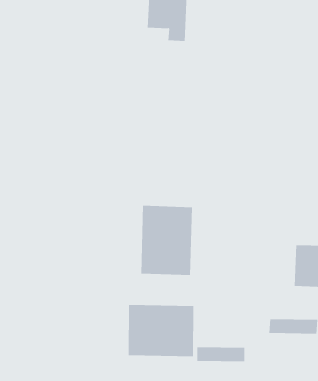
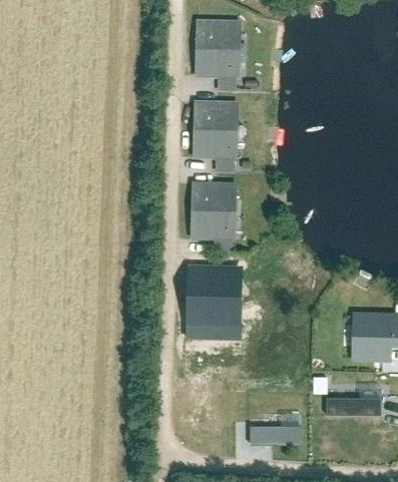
building: none -> [192,98,238,169]
building: none -> [189,177,235,250]
building: [128,304,194,357] -> none

